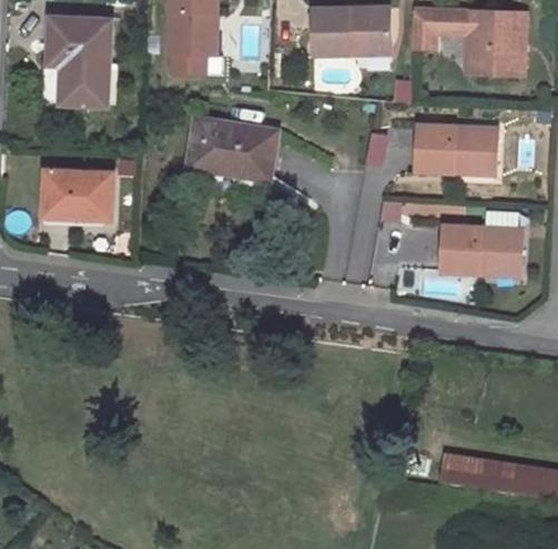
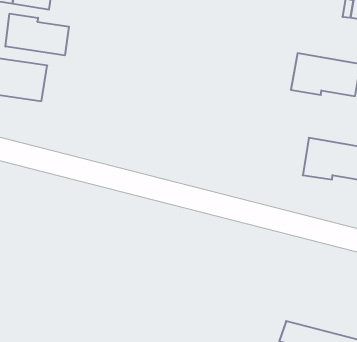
building: none -> [5,14,69,55]
building: [187,119,277,175] -> none

